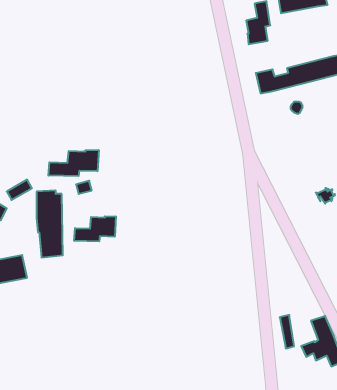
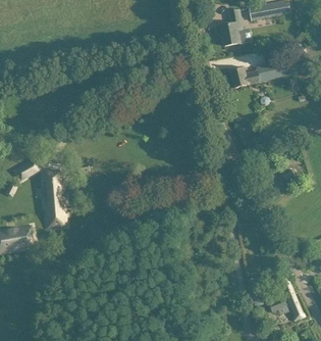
building: [48,150,99,176] -> none
building: [74,216,116,241] -> none

